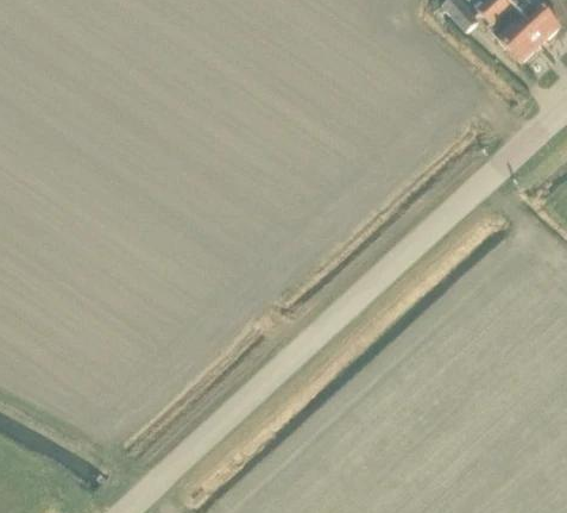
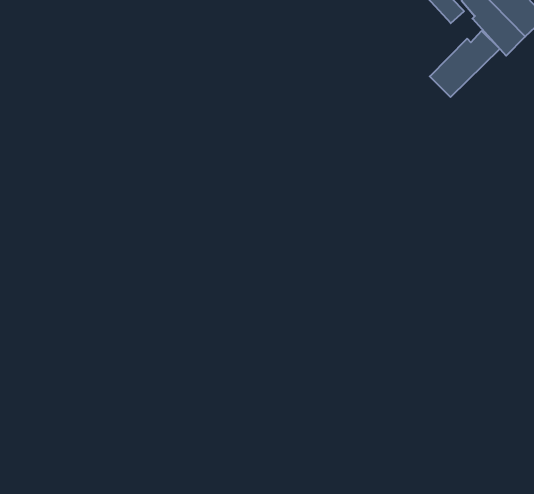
building: none -> [430,31,500,97]

